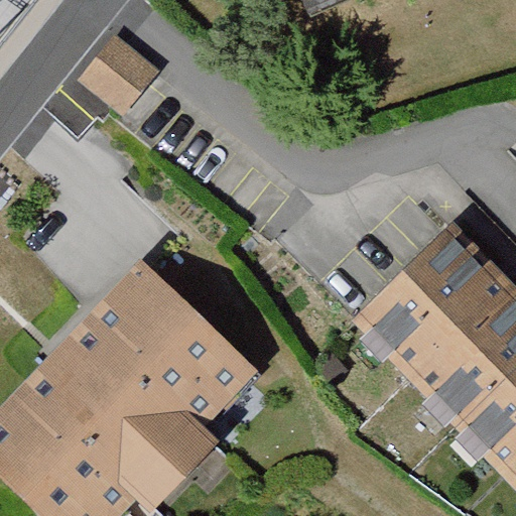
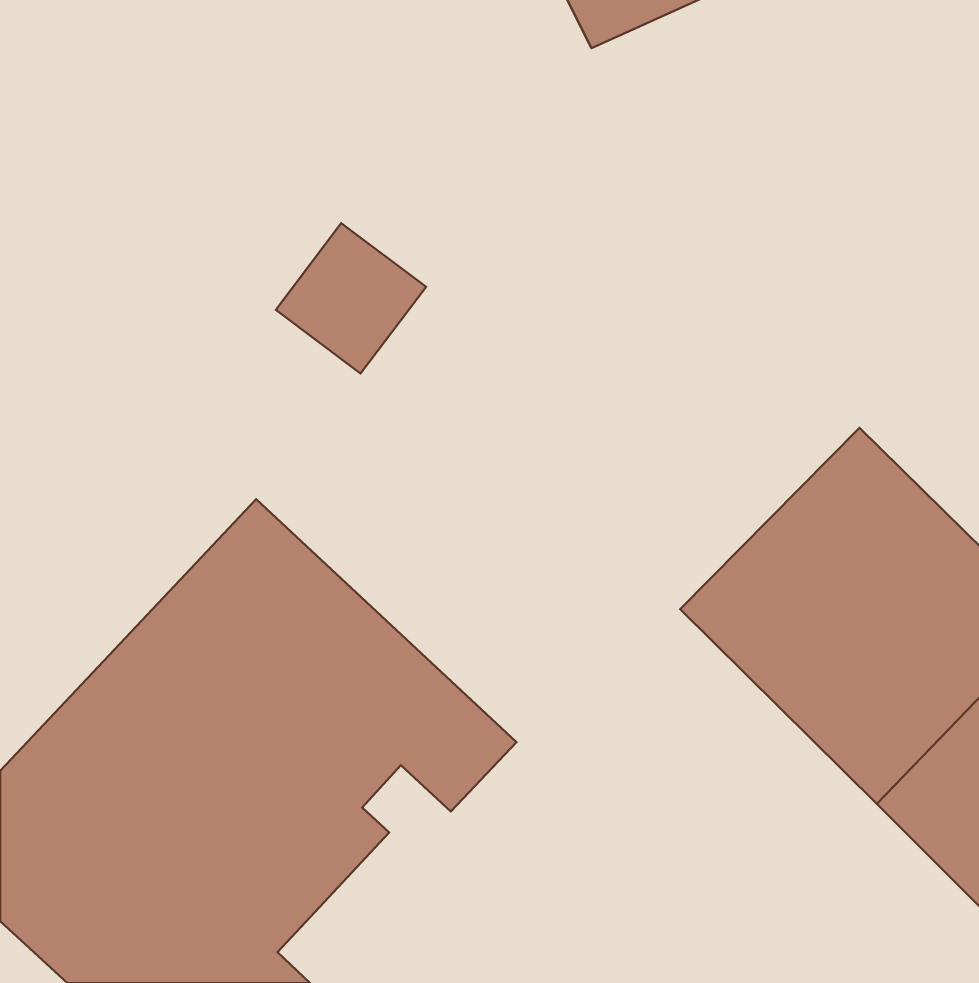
building: [86,28,164,107] -> [276,223,426,374]

